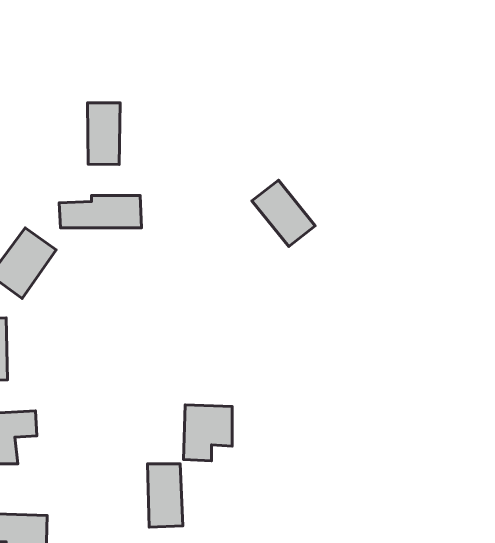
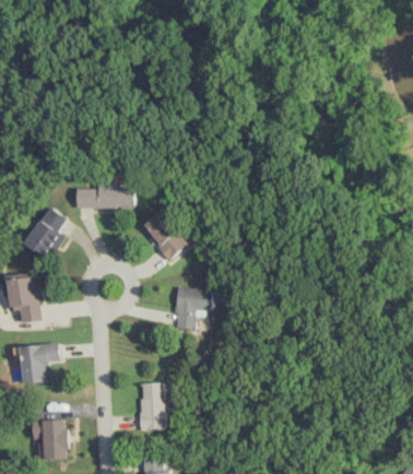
building: [87,103,120,164] -> none
building: [252,180,315,246] -> [143,211,190,260]
building: [184,405,232,461] -> [176,287,212,329]

